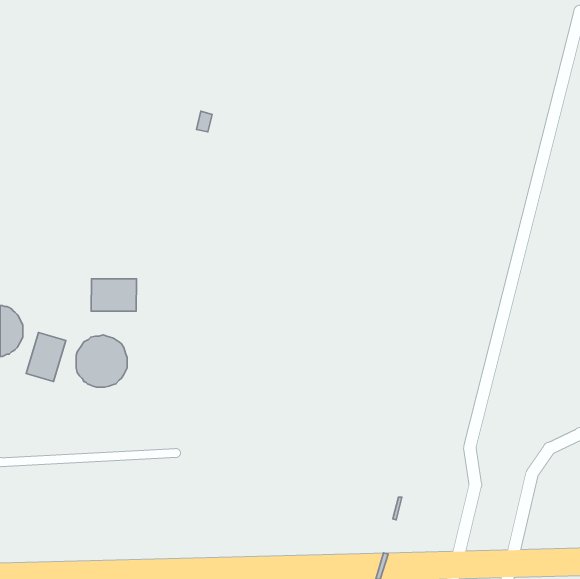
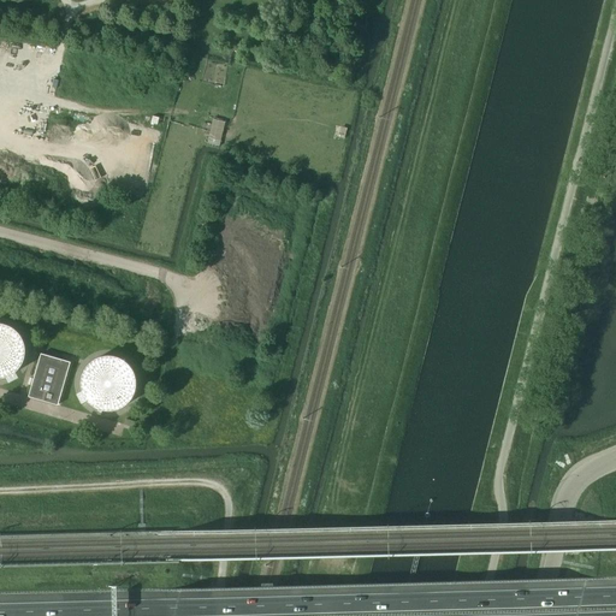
building: [91,279,136,311] -> none

